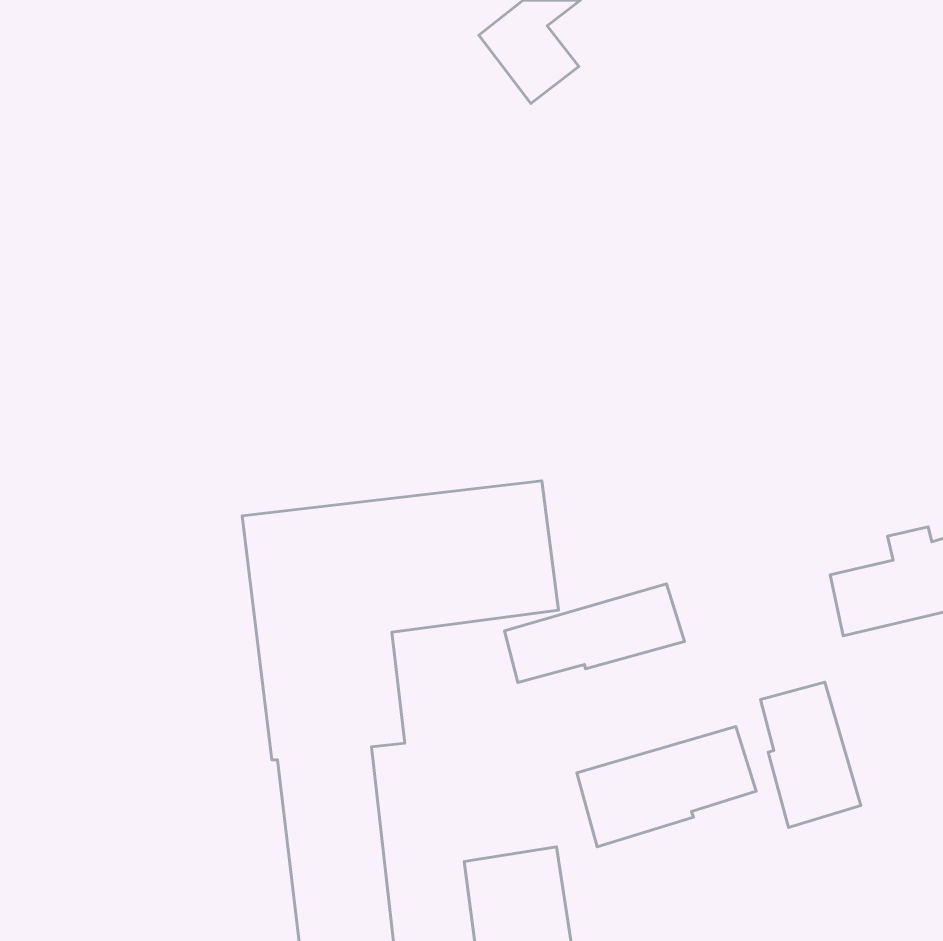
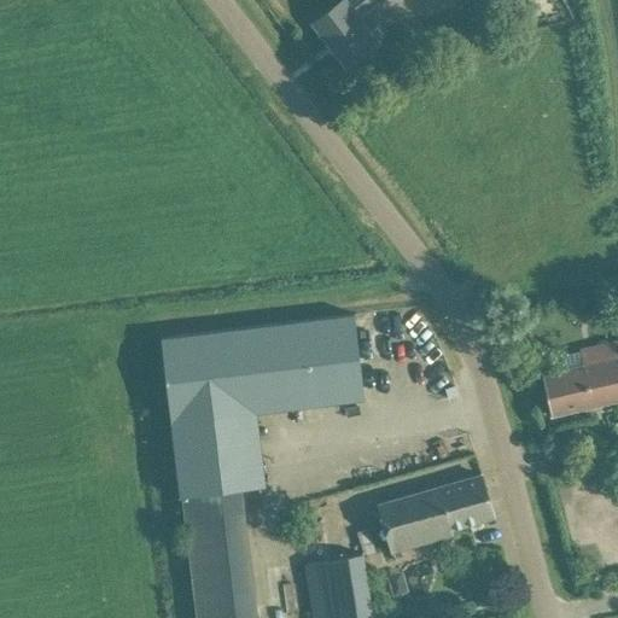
building: [504,584,684,683] -> none
building: [760,682,861,827] -> none

